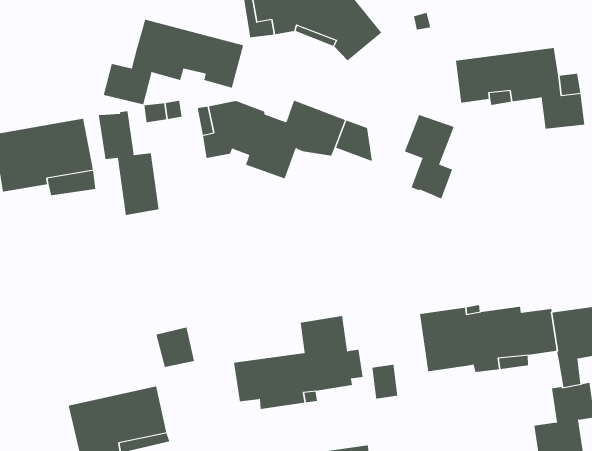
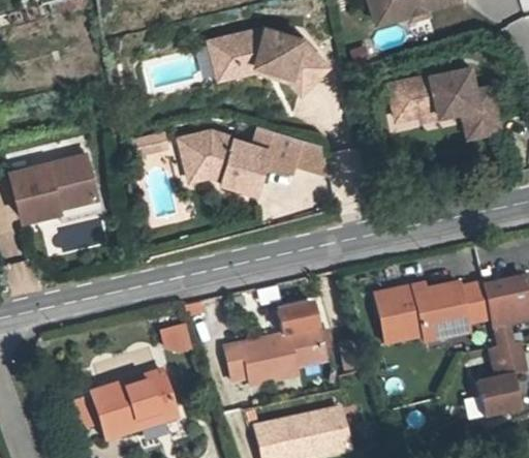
building: [103,19,244,105] -> none
building: [98,110,159,216] -> none
building: [404,114,455,200] -> none

